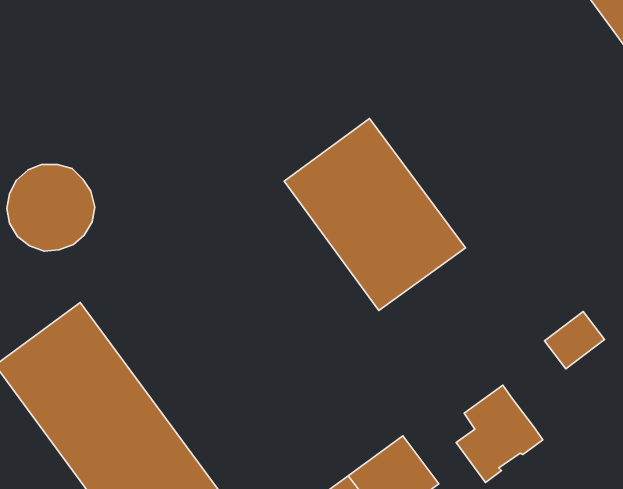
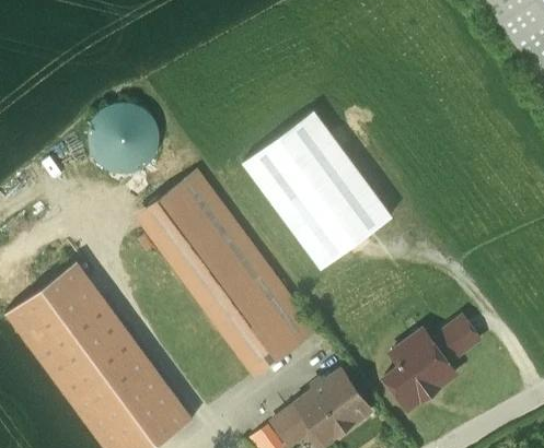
building: [7,164,95,251] -> [88,103,160,174]
building: none -> [135,173,312,375]
building: [545,312,605,369] -> [430,316,479,363]

